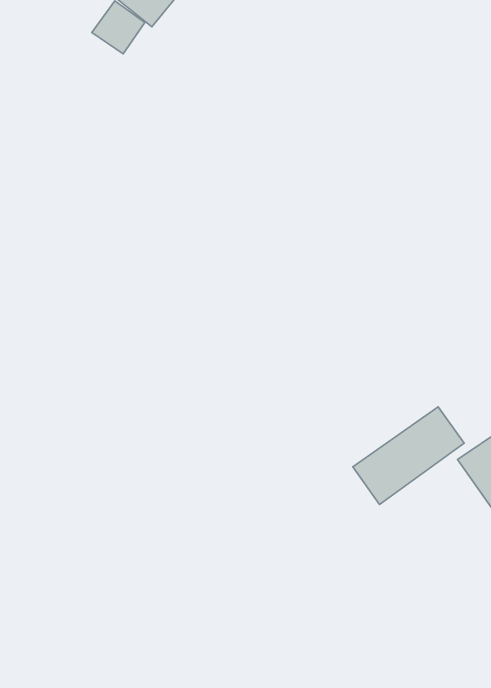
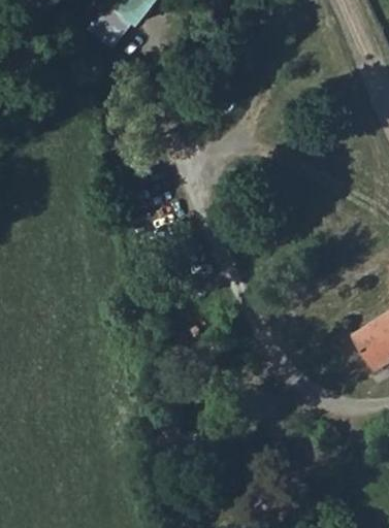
building: [353,407,464,505] -> none

